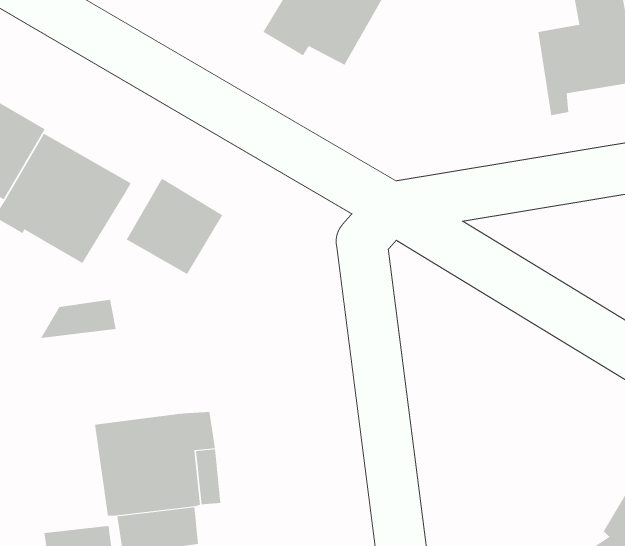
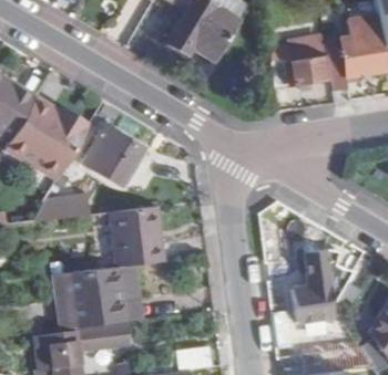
building: none -> [268,35,328,87]
building: none -> [111,207,164,267]
building: none -> [295,251,353,322]

